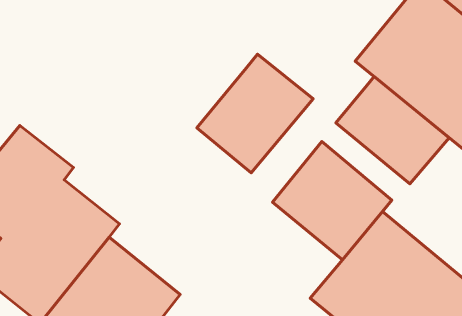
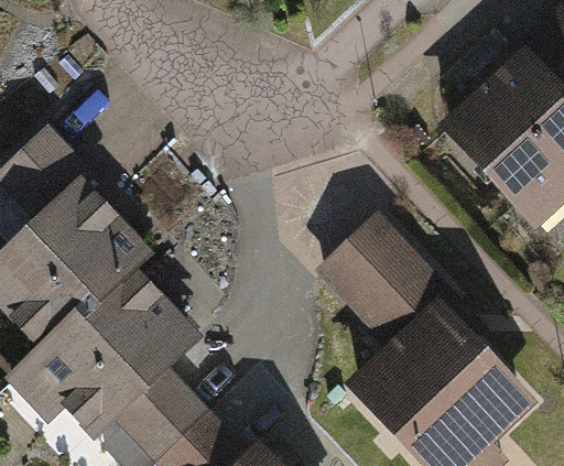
building: [197,54,313,173] -> none
building: [336,77,449,184] -> none

